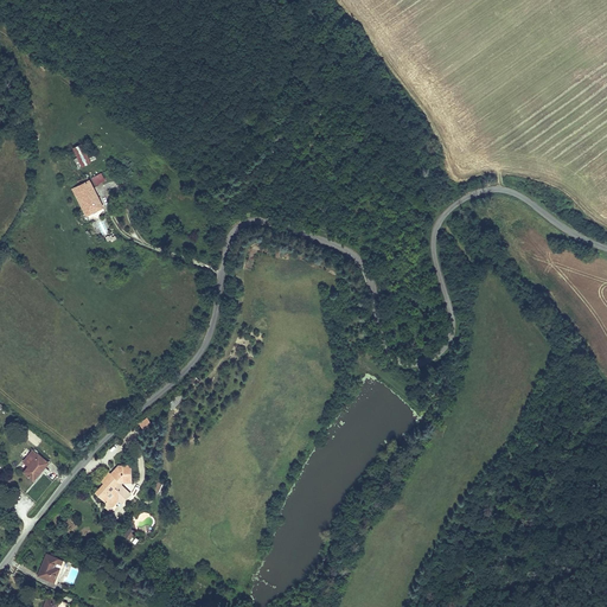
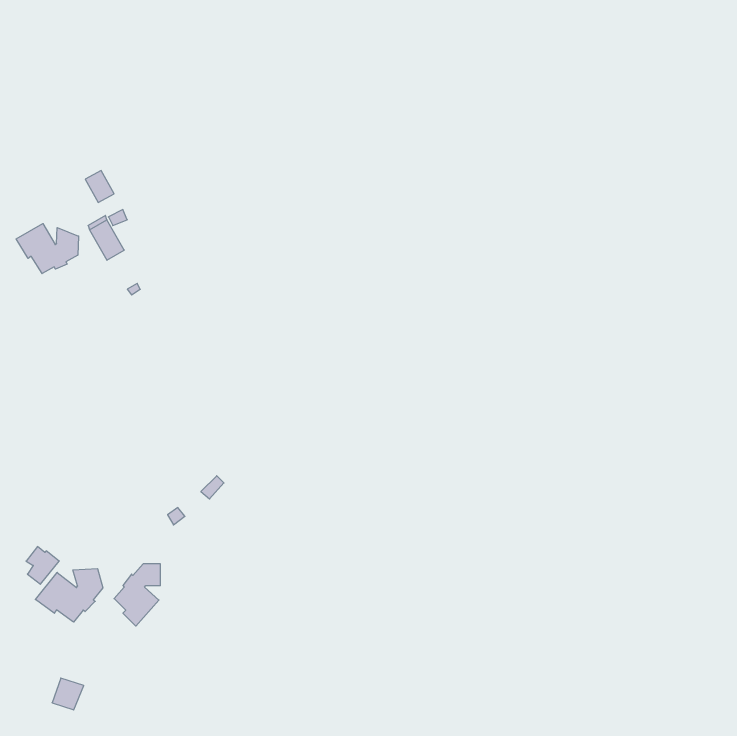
building: none -> [16,224,79,274]
building: none -> [35,569,103,622]

